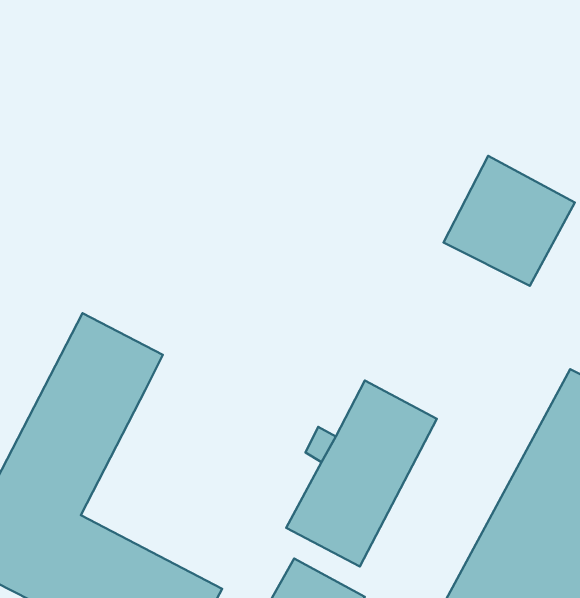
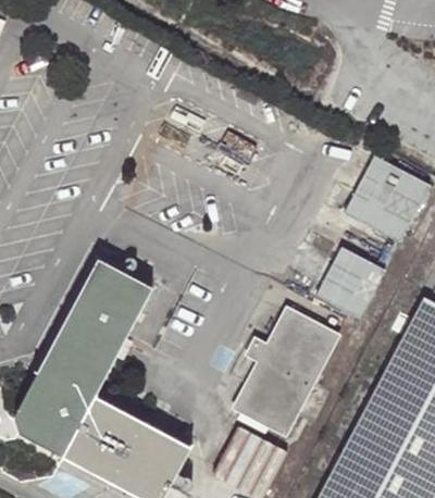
building: none -> [311,241,384,313]

